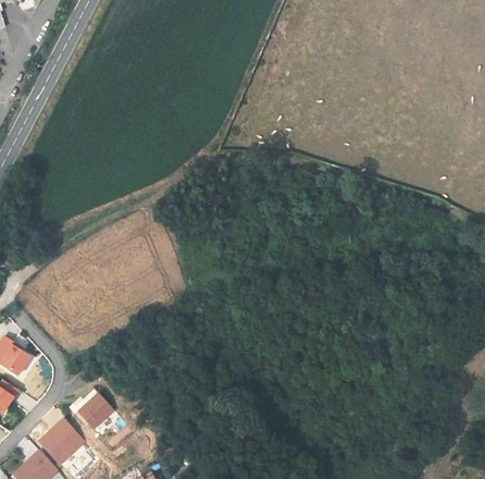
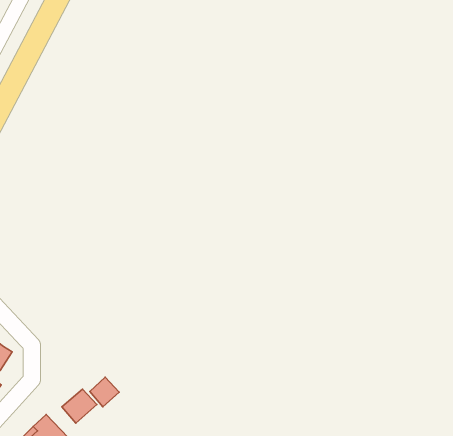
building: none -> [90,377,119,407]

